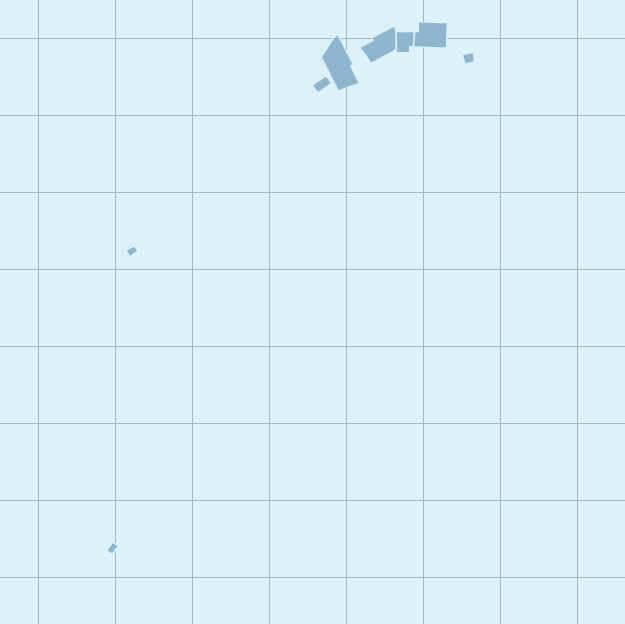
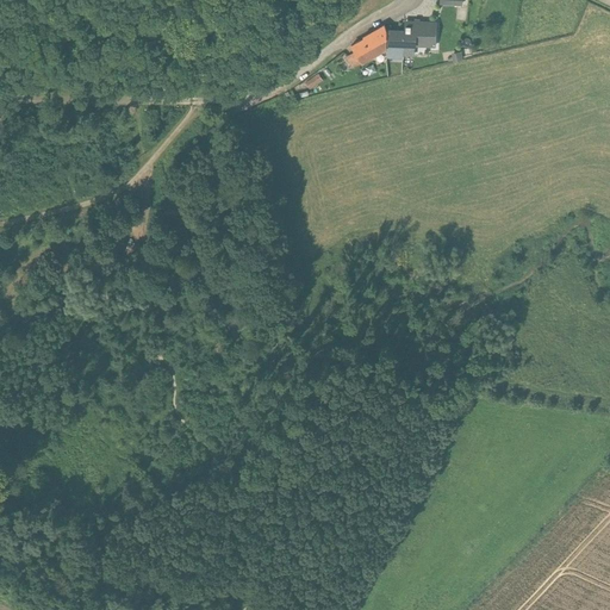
building: [320,34,360,91] -> none

